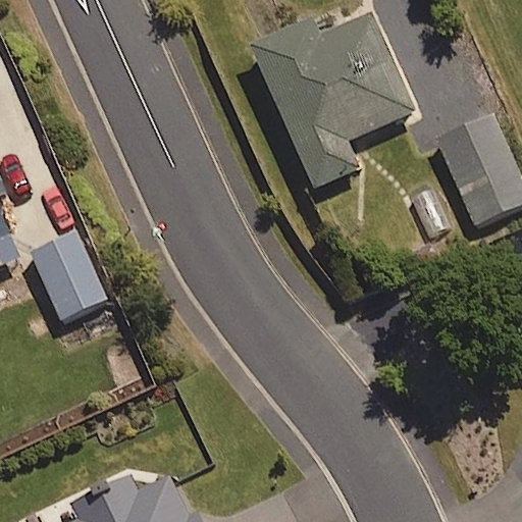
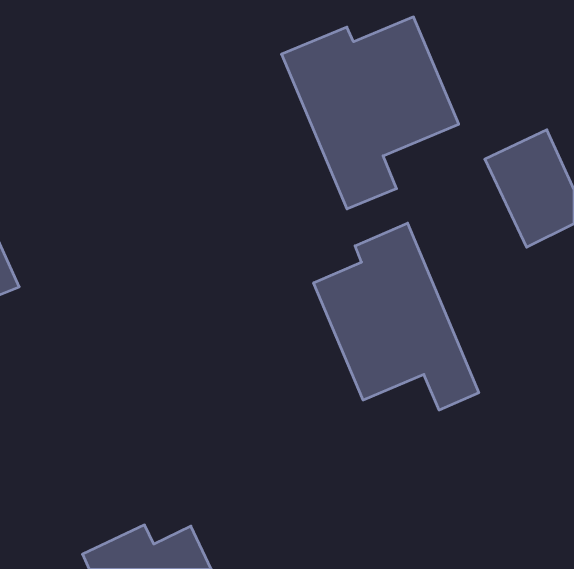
building: none -> [314,223,479,410]
building: [30,233,105,320] -> none

